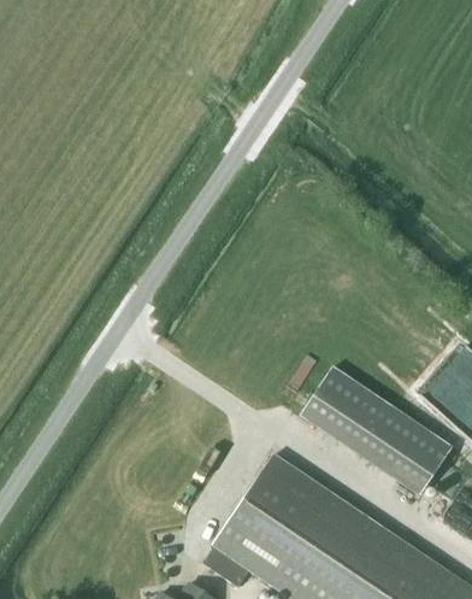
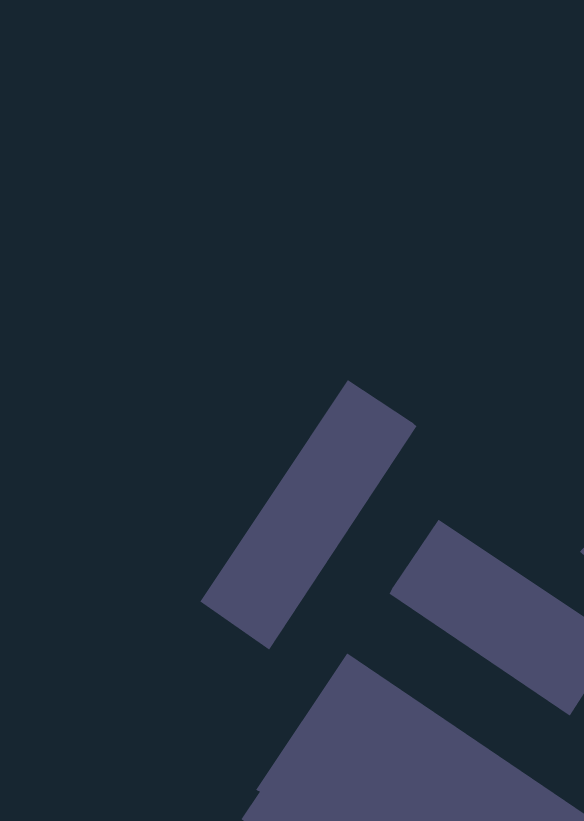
building: none -> [200,379,417,650]

